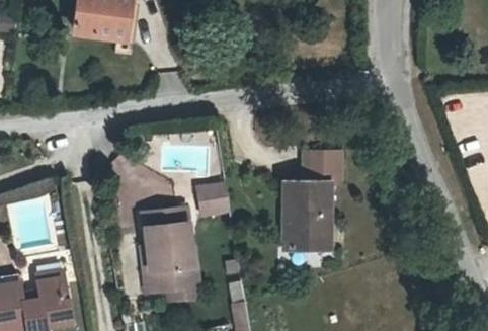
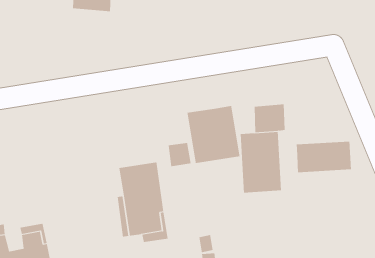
building: none -> [187,105,240,164]
building: none -> [296,141,351,173]

